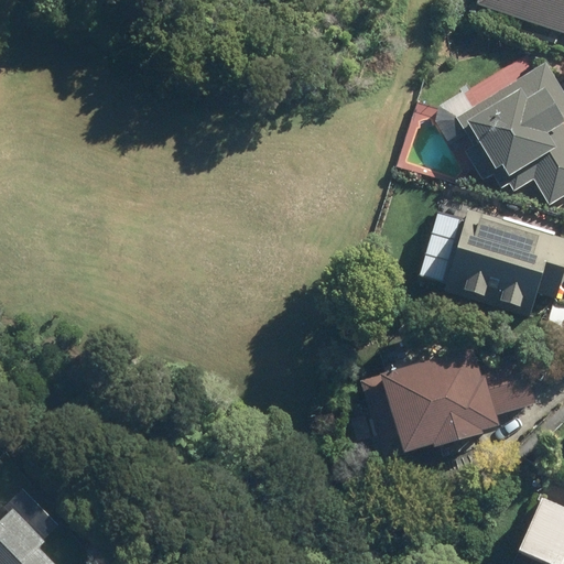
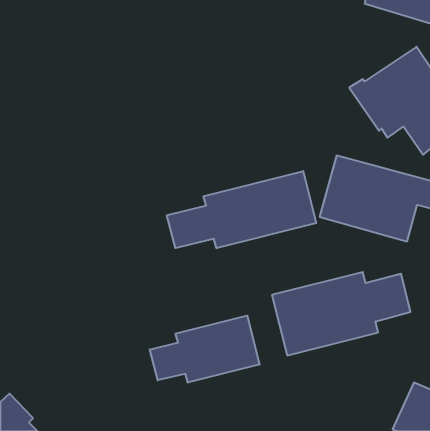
building: none -> [167,171,316,248]
building: none -> [150,316,260,383]

